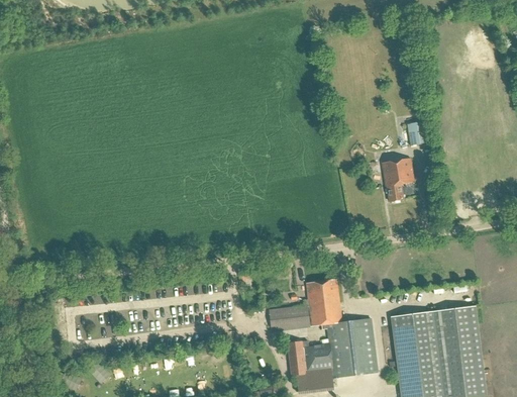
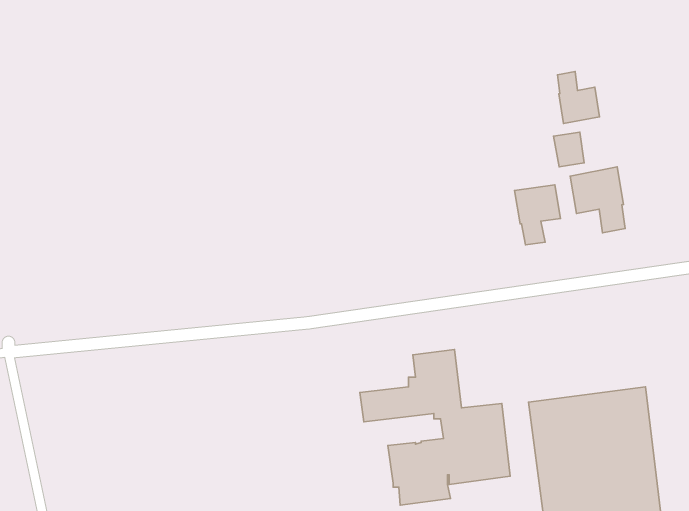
building: none -> [558,72,600,124]
building: none -> [570,167,625,233]

